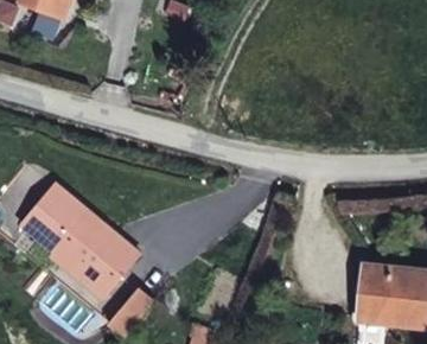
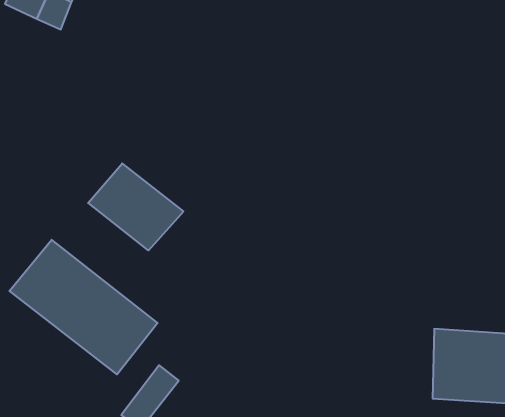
building: none -> [88,163,183,250]

